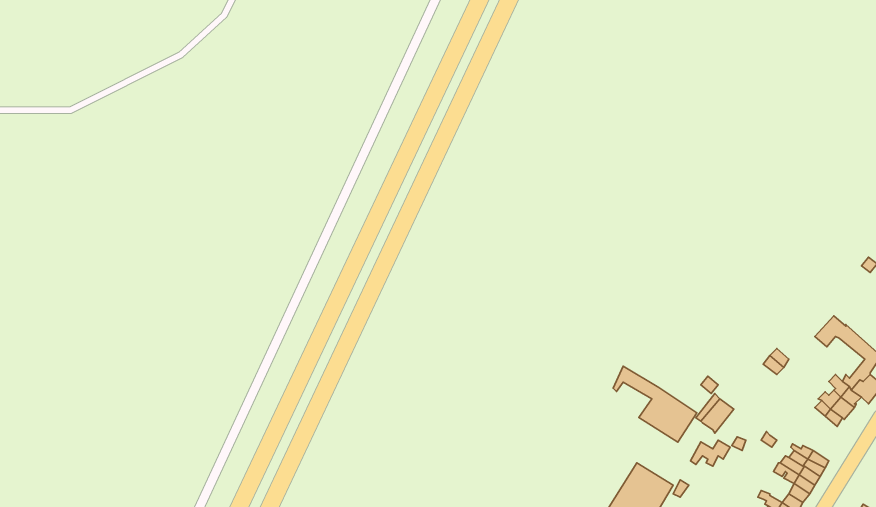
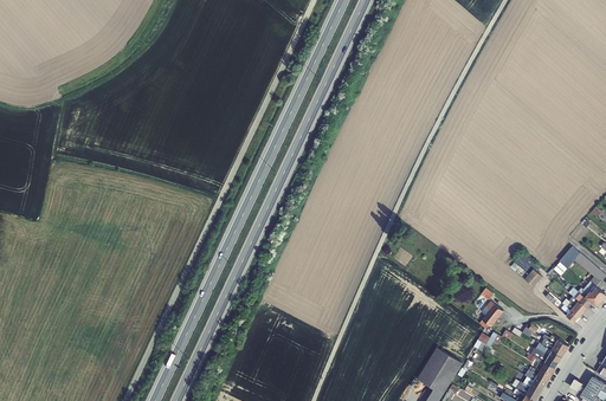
building: [613,366,697,442] -> none

